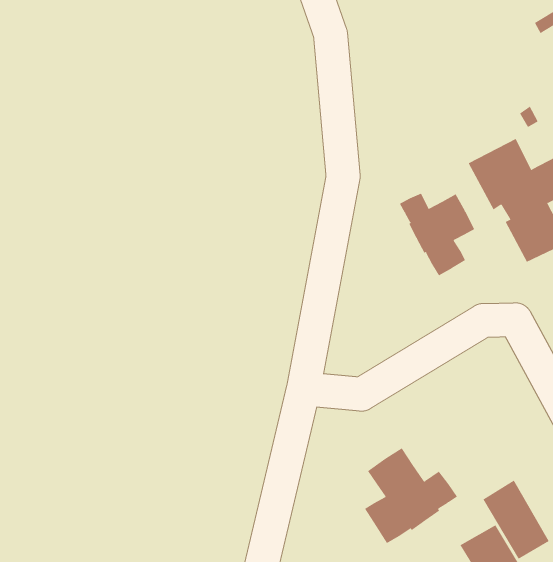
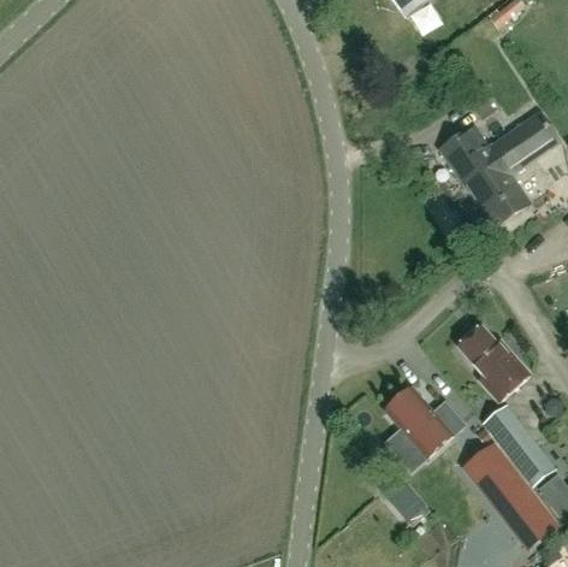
building: [399,193,475,276] -> none
building: none -> [456,324,529,401]

